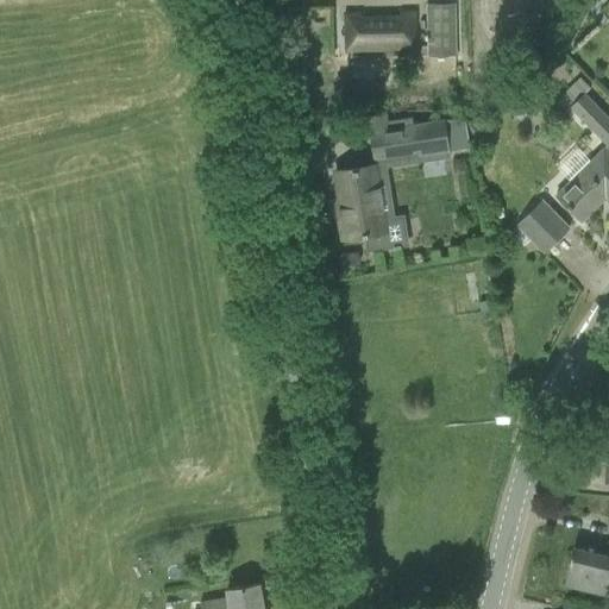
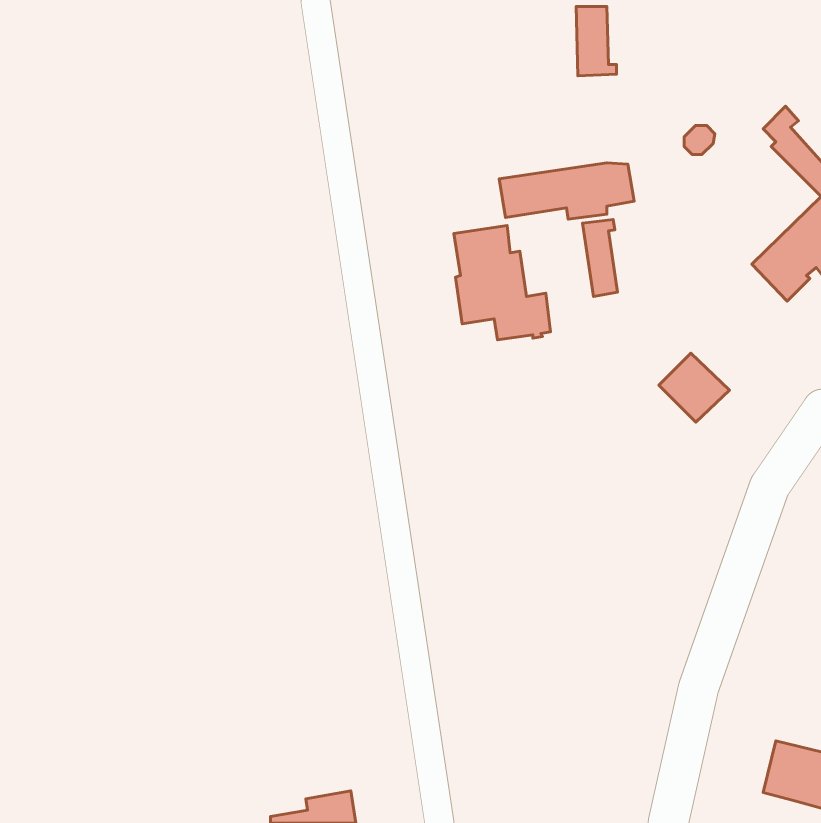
building: [347,14,415,50] -> none
building: none -> [583,220,617,297]
building: [517,201,570,252] -> [659,353,730,422]

